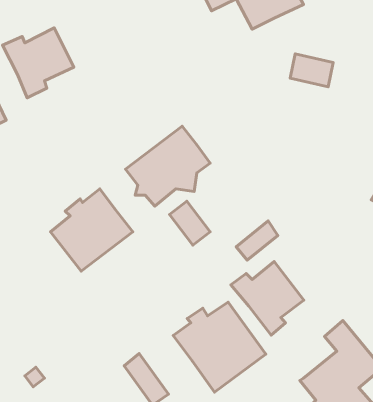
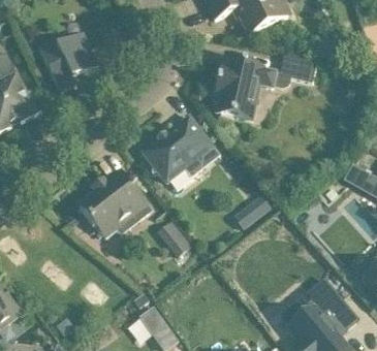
building: none -> [215,58,276,118]
building: [169,201,210,245] -> [157,219,191,256]
building: [231,262,304,335] -> none
building: [173,302,266,392] -> none

